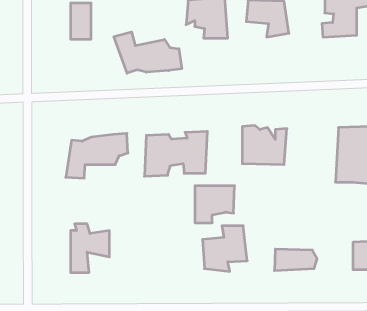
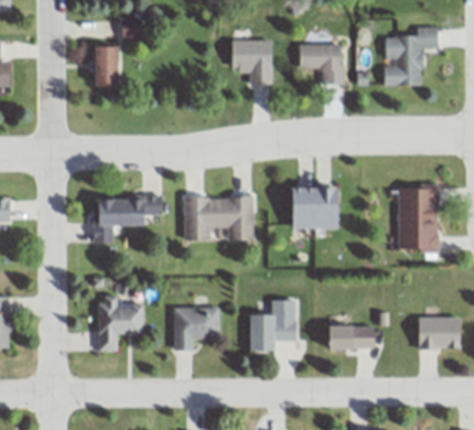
building: [114,32,182,73] -> none
building: [195,186,235,223] -> [173,308,218,350]

